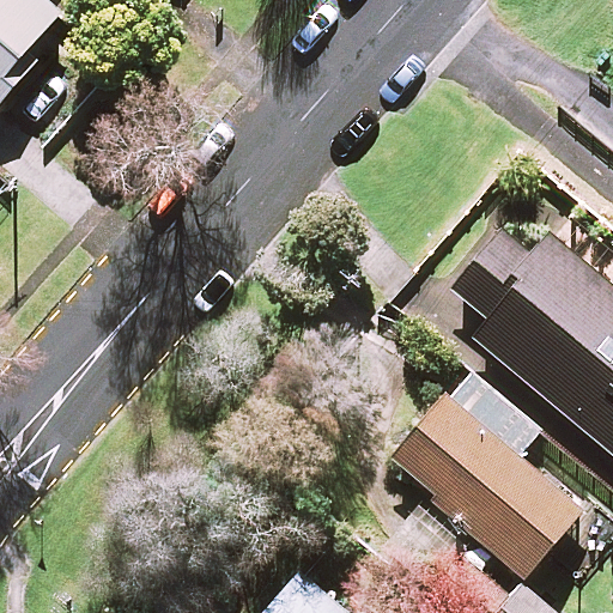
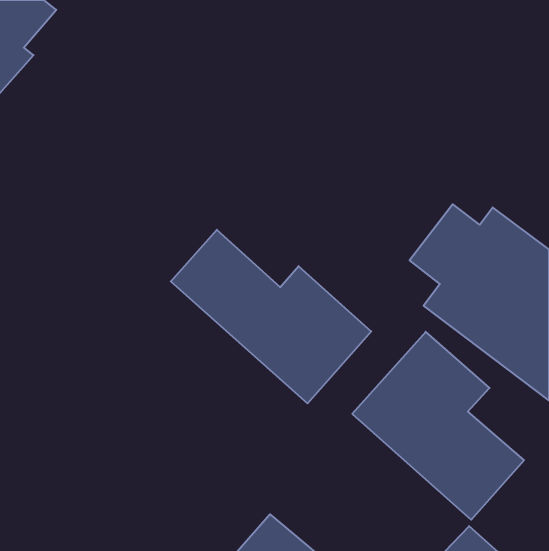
building: none -> [171,230,371,403]

